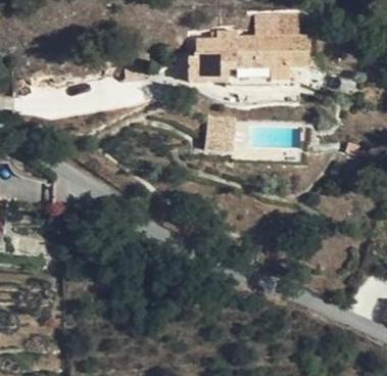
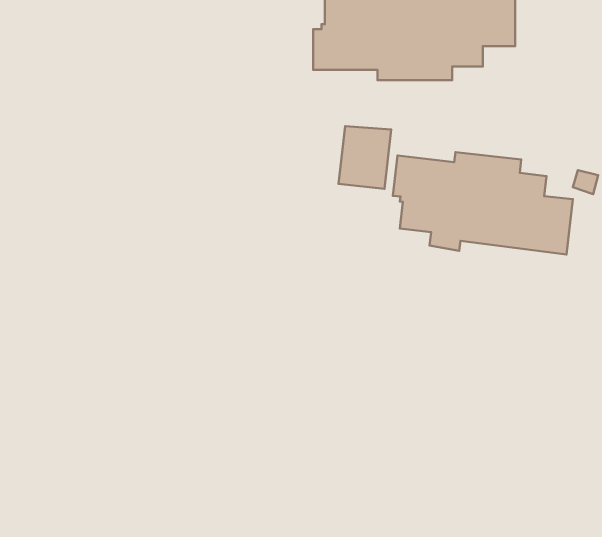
building: none -> [393,152,573,254]

